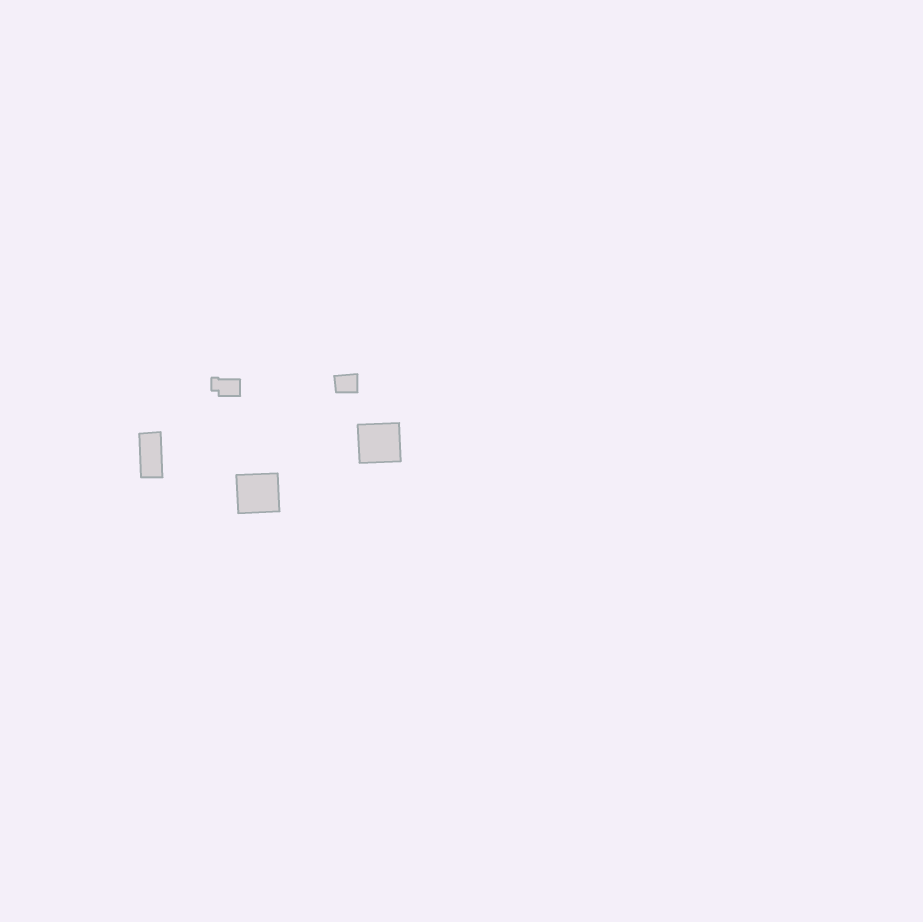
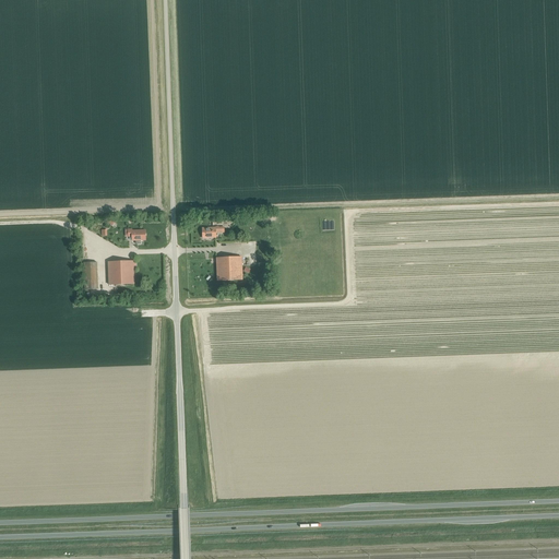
building: [236,473,280,513] -> [108,260,134,284]

